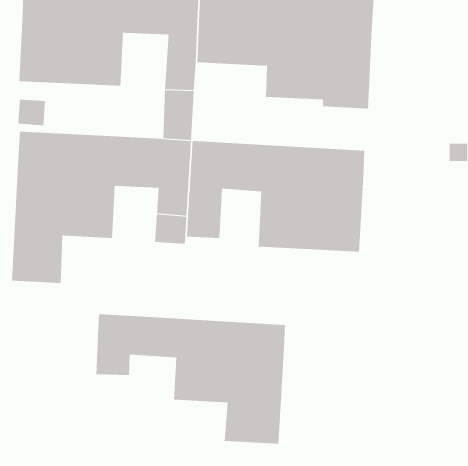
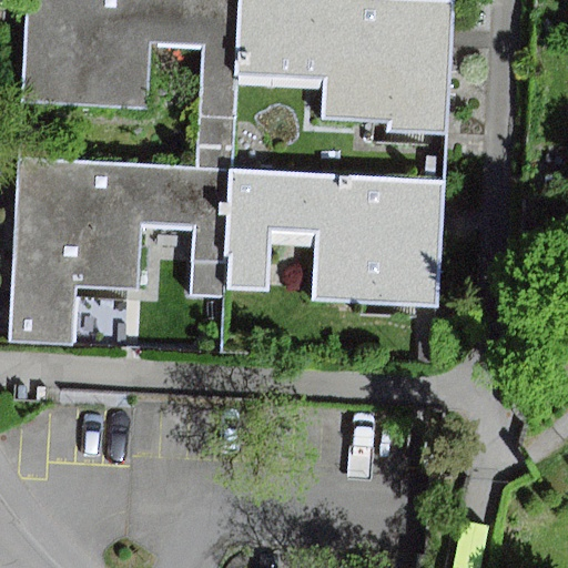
building: [96,314,285,445] -> none

